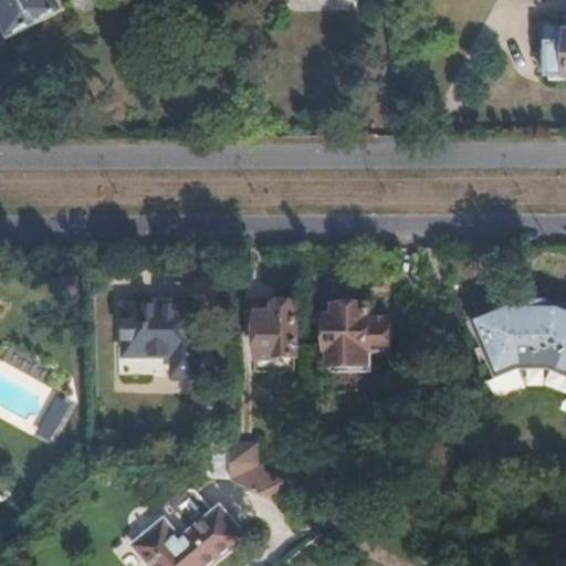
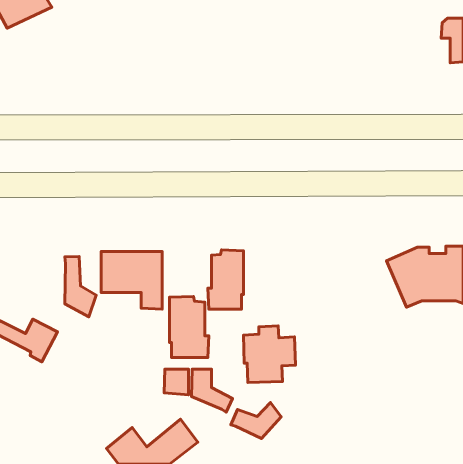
building: [324,304,387,373] -> [243,326,295,382]
building: none -> [65,257,96,317]
building: none -> [169,296,209,358]
building: none -> [231,403,281,438]

